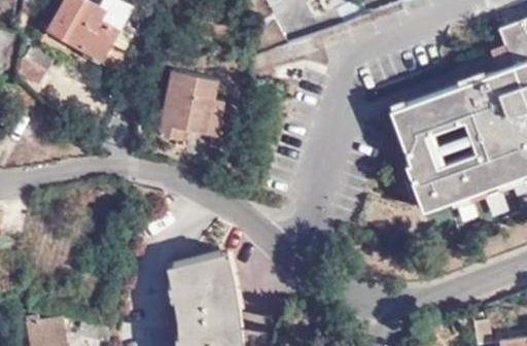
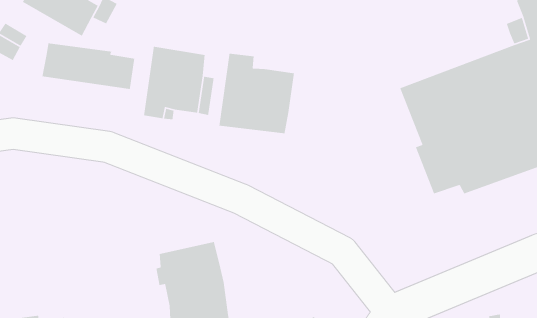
building: none -> [41,42,135,90]
building: none -> [218,53,295,134]

